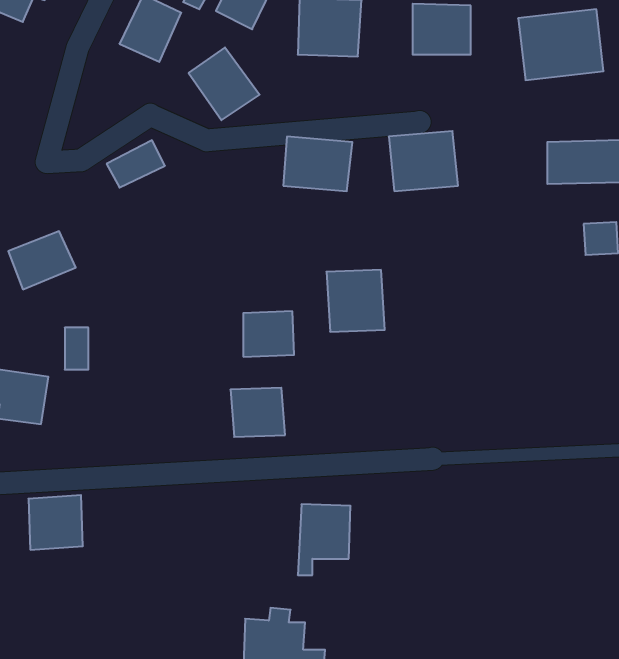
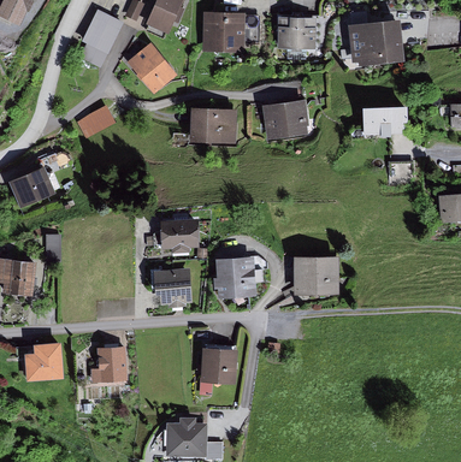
building: [326,270,385,332] -> [219,257,258,298]
building: none -> [296,257,339,295]
building: none -> [89,348,126,384]

